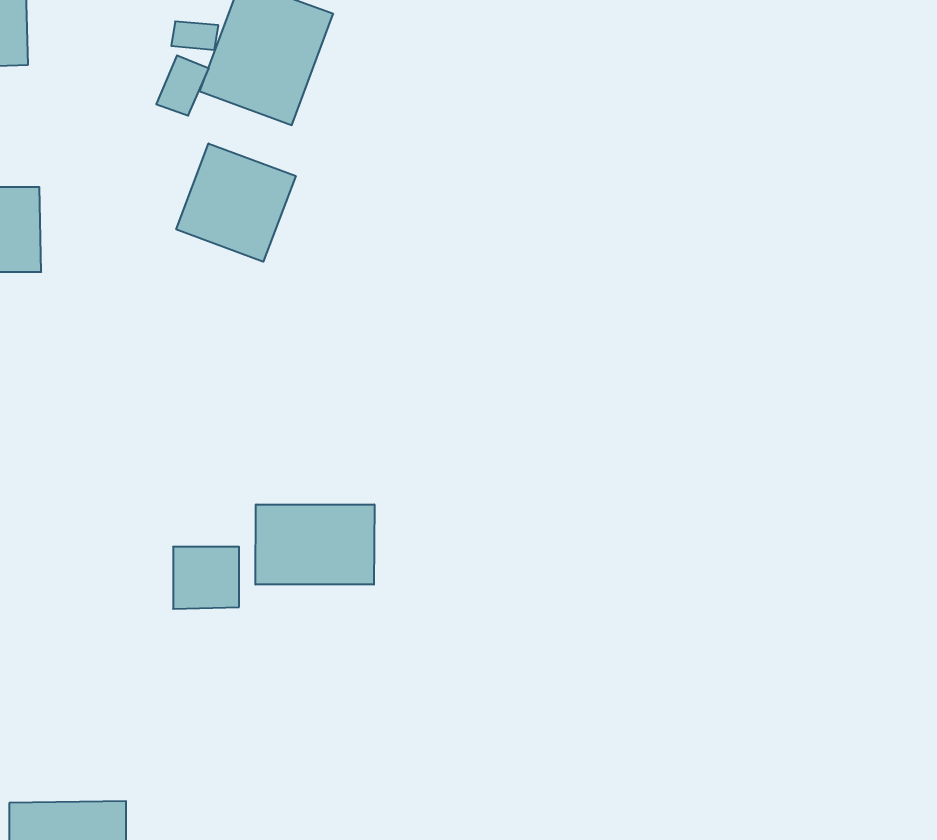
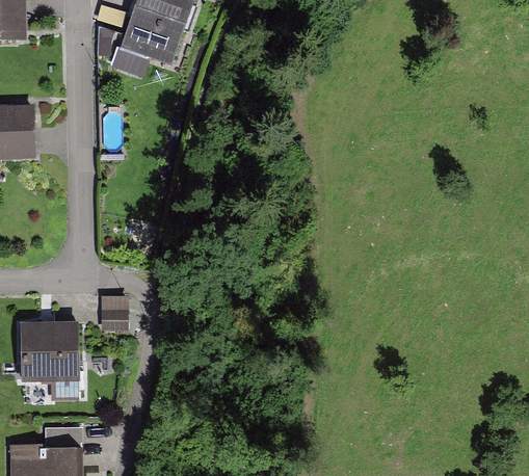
building: [176,143,296,262] -> none
building: [255,504,374,585] -> none
building: none -> [20,321,78,393]

